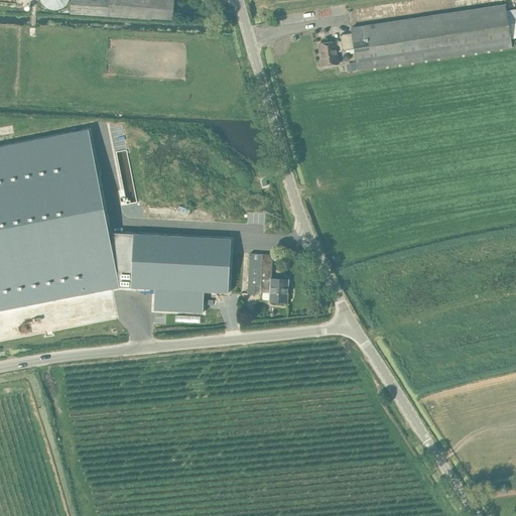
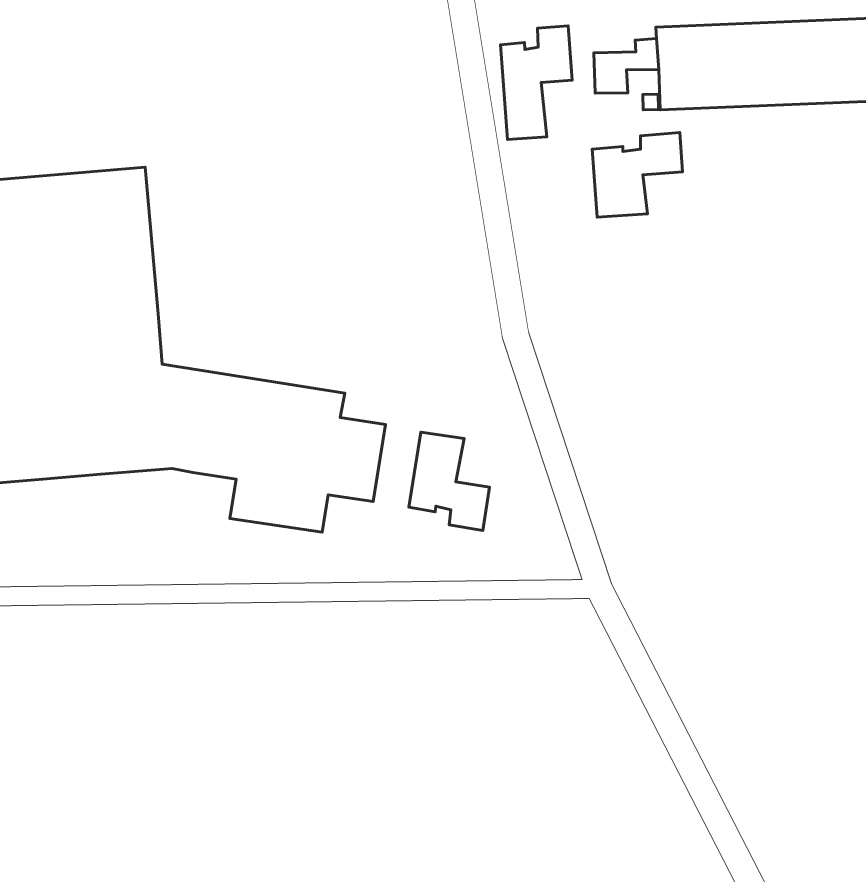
building: none -> [501,26,572,139]
building: none -> [592,133,682,217]

